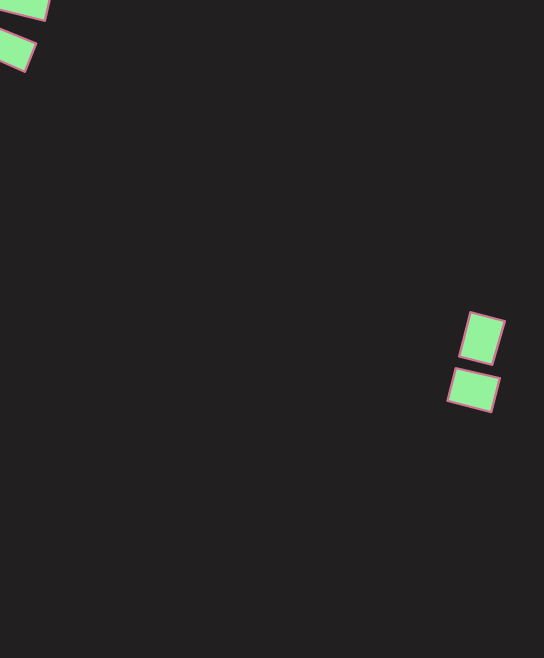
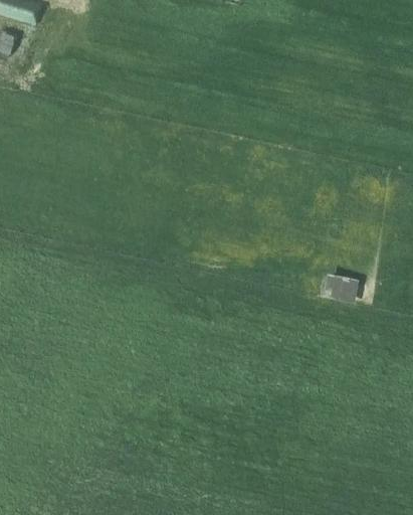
building: [459,312,505,365] -> none

